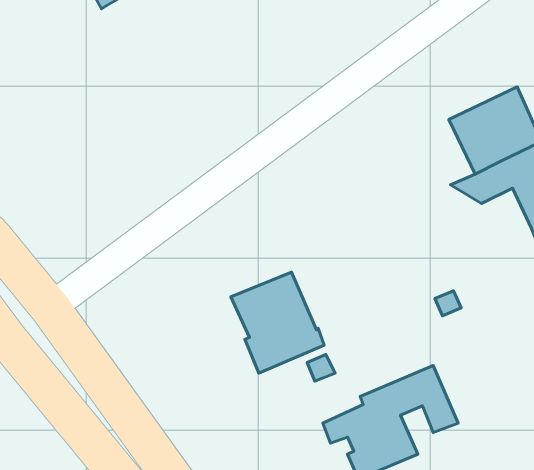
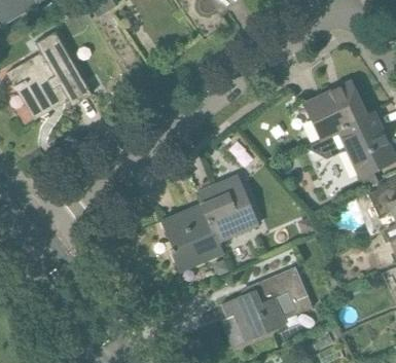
building: none -> [14,31,88,116]
building: none -> [196,175,258,242]

